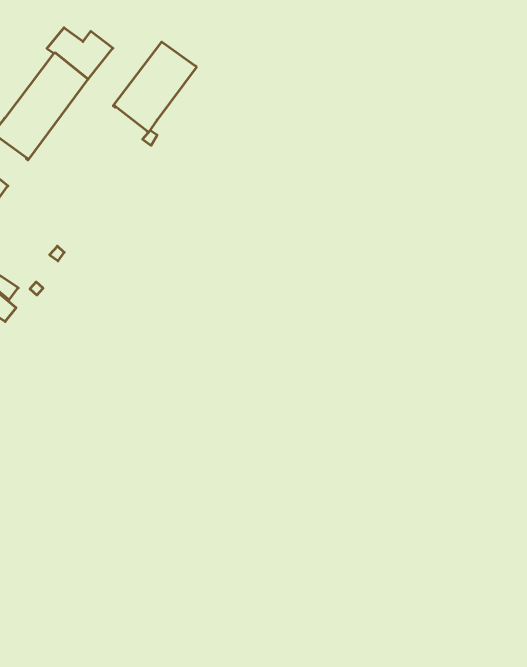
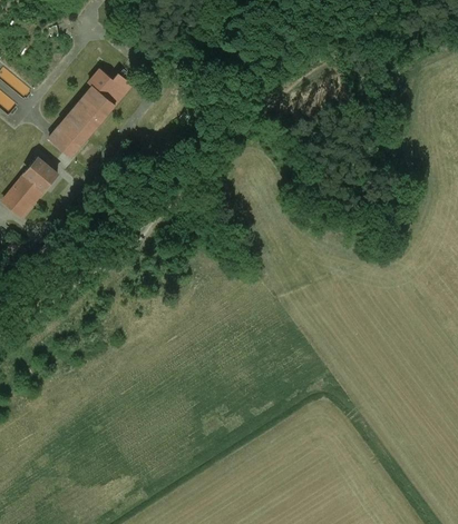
building: [113,42,196,133] -> none

